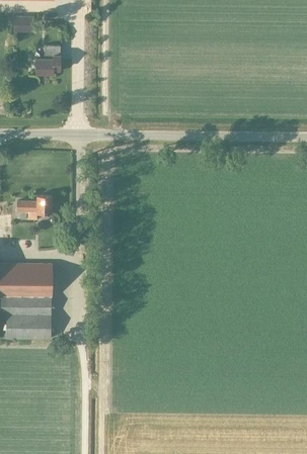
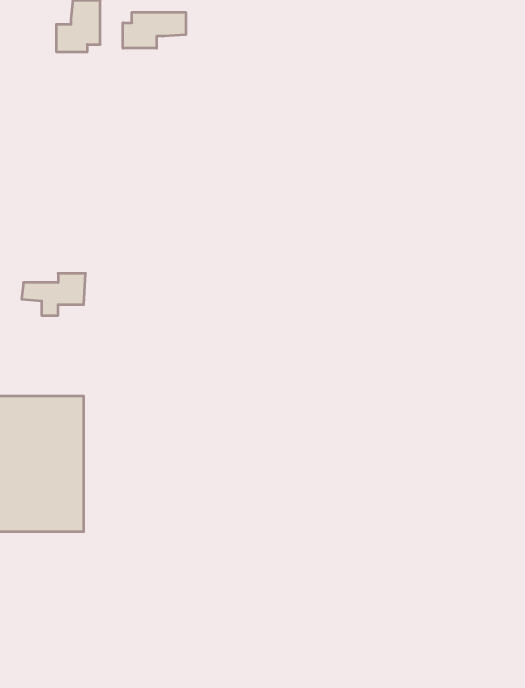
building: none -> [123,12,186,48]

